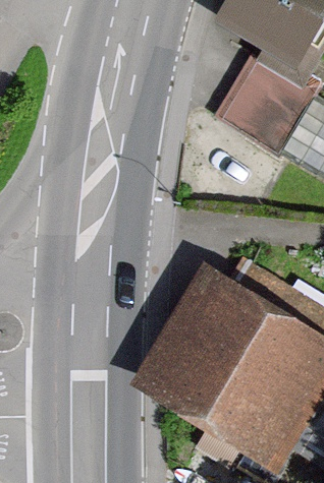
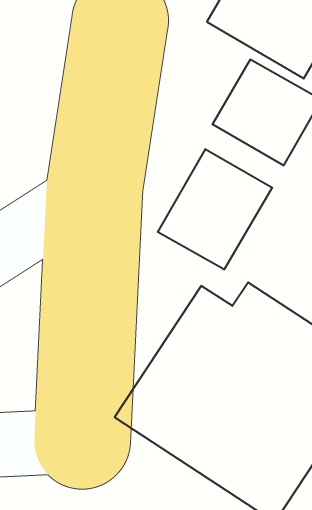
building: none -> [158,149,272,270]

